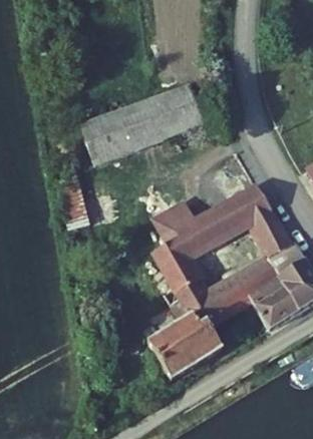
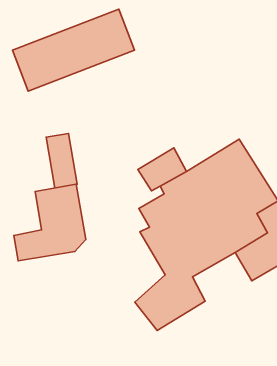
building: [80,85,206,169] -> [13,9,135,91]
building: none -> [14,184,86,261]

